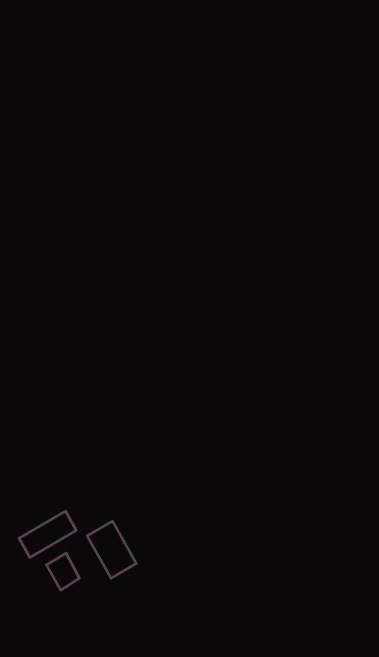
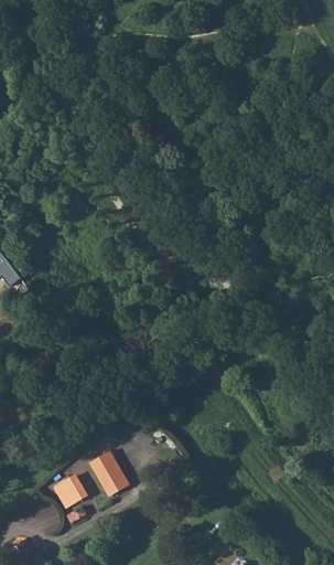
building: [19,511,76,557] -> none

